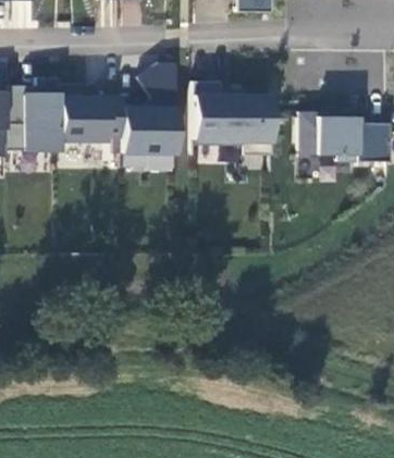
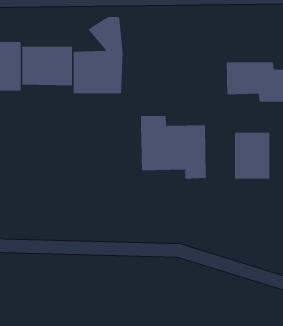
building: [190,81,269,156] -> [140,115,207,179]
building: none -> [234,132,270,180]

